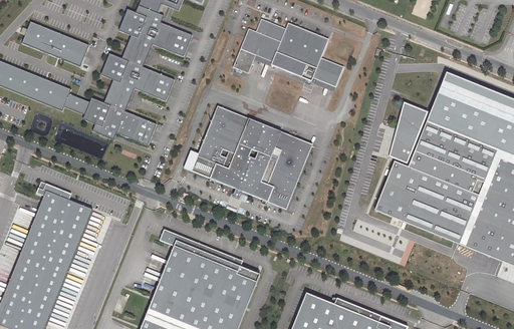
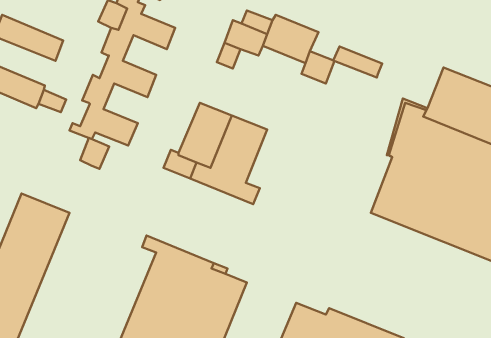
building: [269,52,315,81] -> [333,46,382,78]
building: [102,54,130,82] -> none
building: [85,98,112,127] -> [80,138,109,169]
building: [259,130,310,208] -> none

